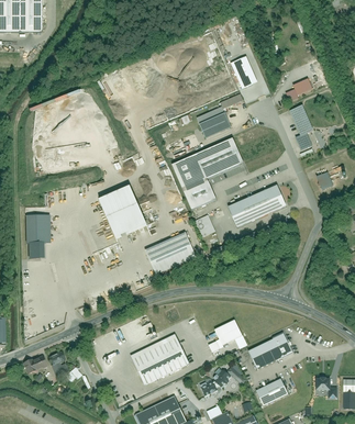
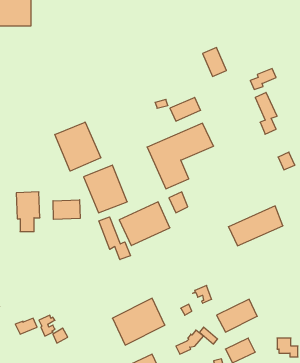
building: none -> [55,122,101,171]
building: [225,182,286,226] -> [228,206,283,246]
building: none -> [53,200,80,219]
building: none -> [99,217,131,260]

